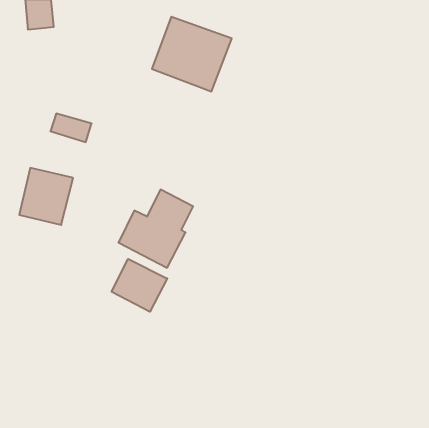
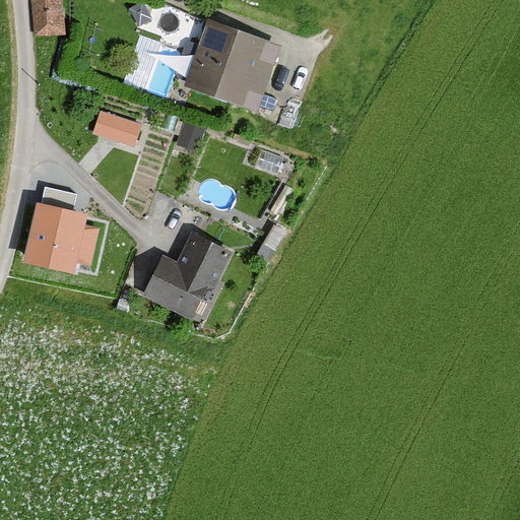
building: [50,114,92,142] -> [93,111,143,145]
building: [112,259,167,312] -> none

